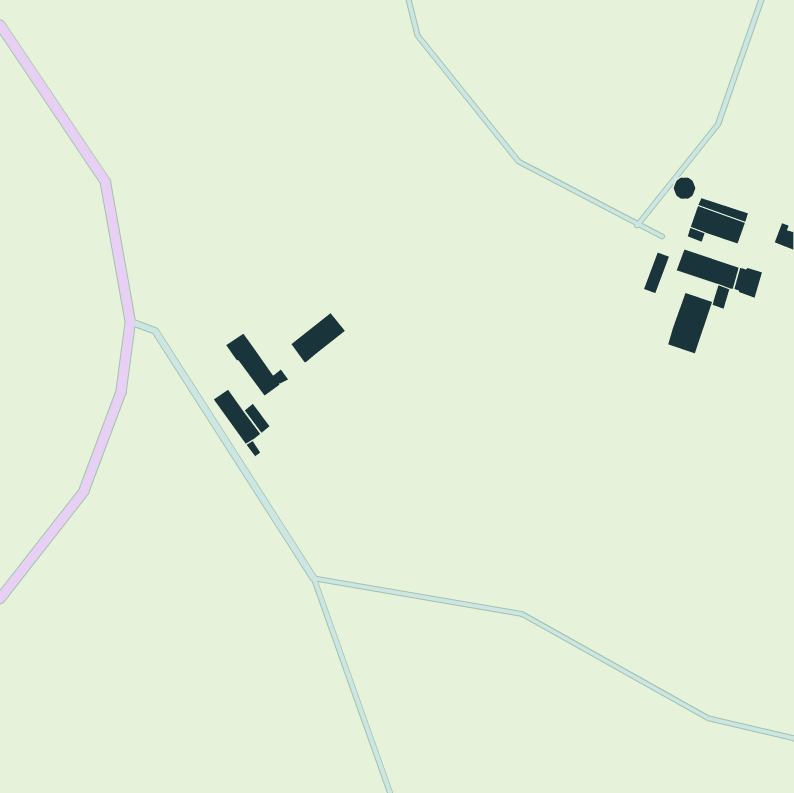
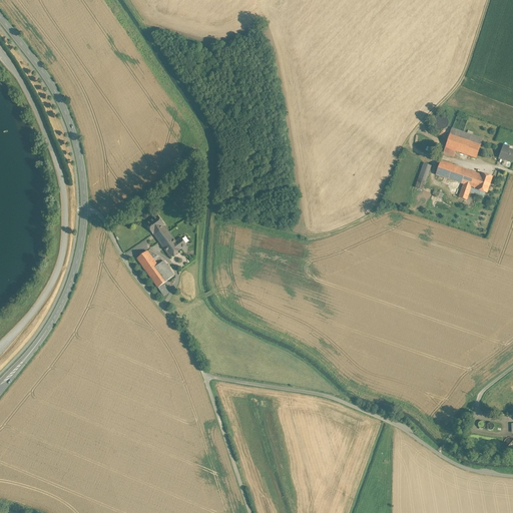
building: [668,292,713,354] -> none
building: [290,312,346,363] -> none

